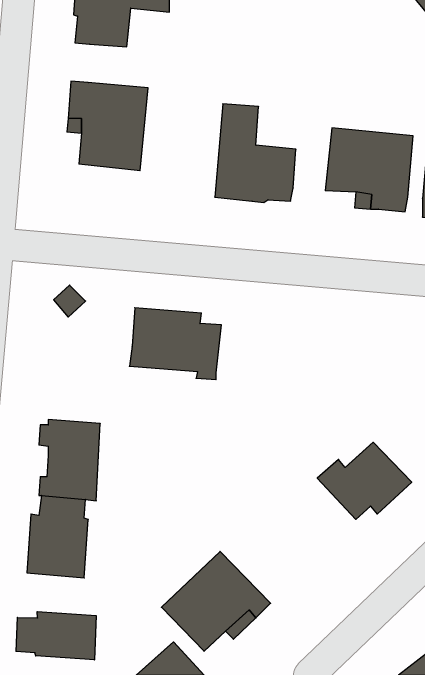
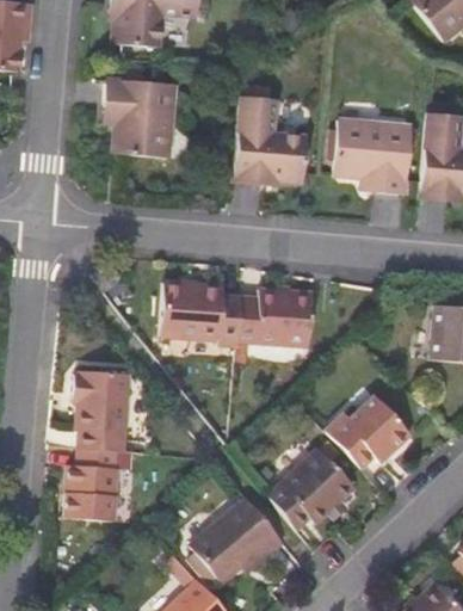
building: none -> [235,288,311,345]
building: none -> [270,448,357,529]
building: [16,612,96,660] -> none

